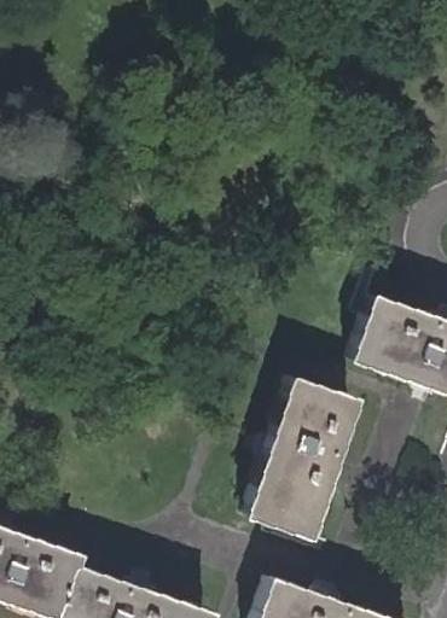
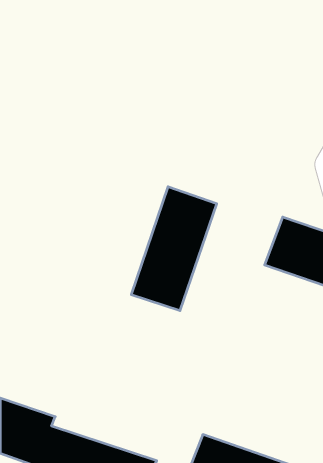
building: [248,377,358,536] -> [131,187,217,311]

